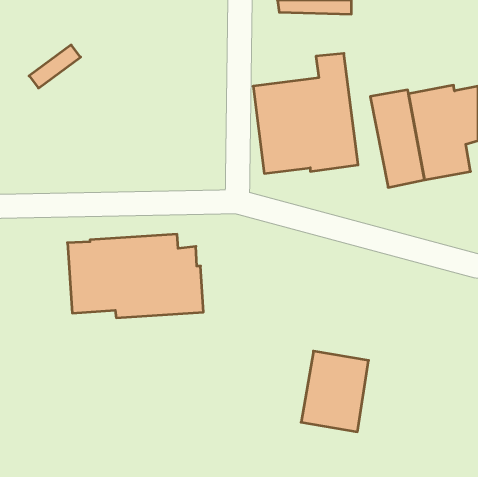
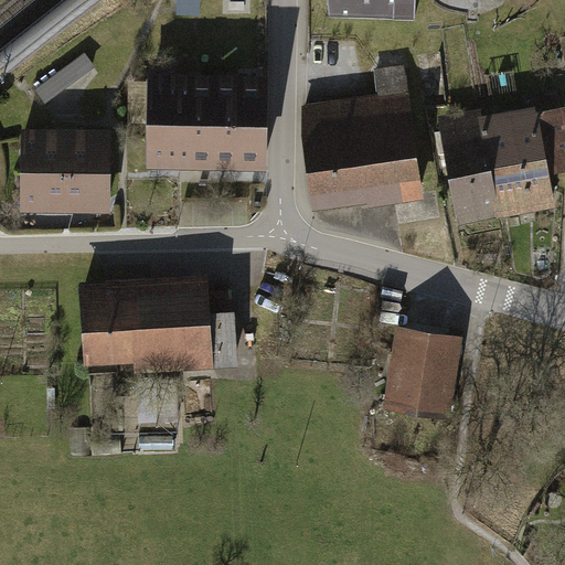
building: none -> [147,77,270,175]
building: none -> [21,132,113,216]
building: [301,351,369,432] -> [381,323,460,418]

